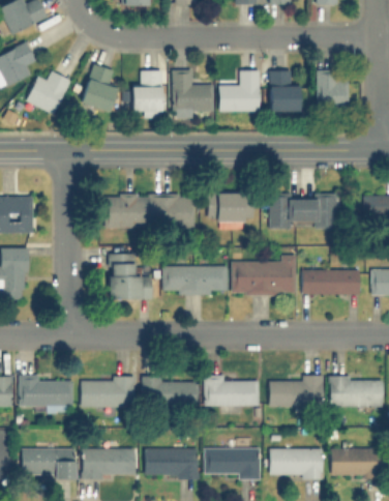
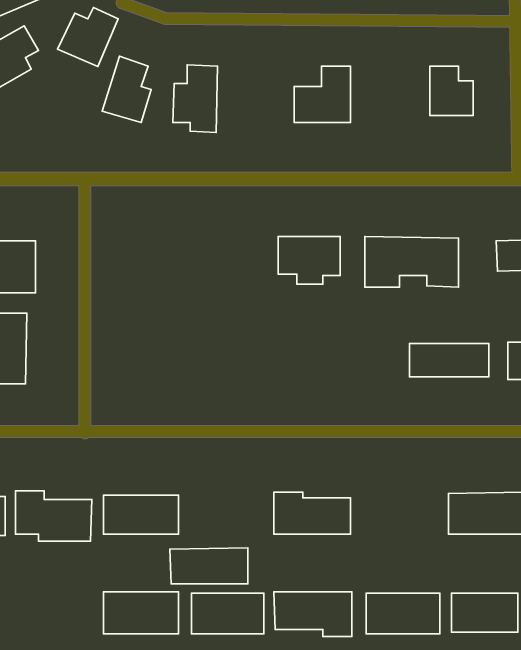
building: [173,69,213,118] -> none
building: [269,70,298,111] -> none
building: [26,71,69,114] -> [57,7,118,67]
building: [104,194,194,228] -> none
building: [108,253,151,298] -> none
building: [232,255,295,294] -> none
building: [163,265,227,294] -> none
building: [269,375,323,406] -> none
building: [142,379,198,405] -> [170,548,248,584]
building: [22,447,74,478] -> none

